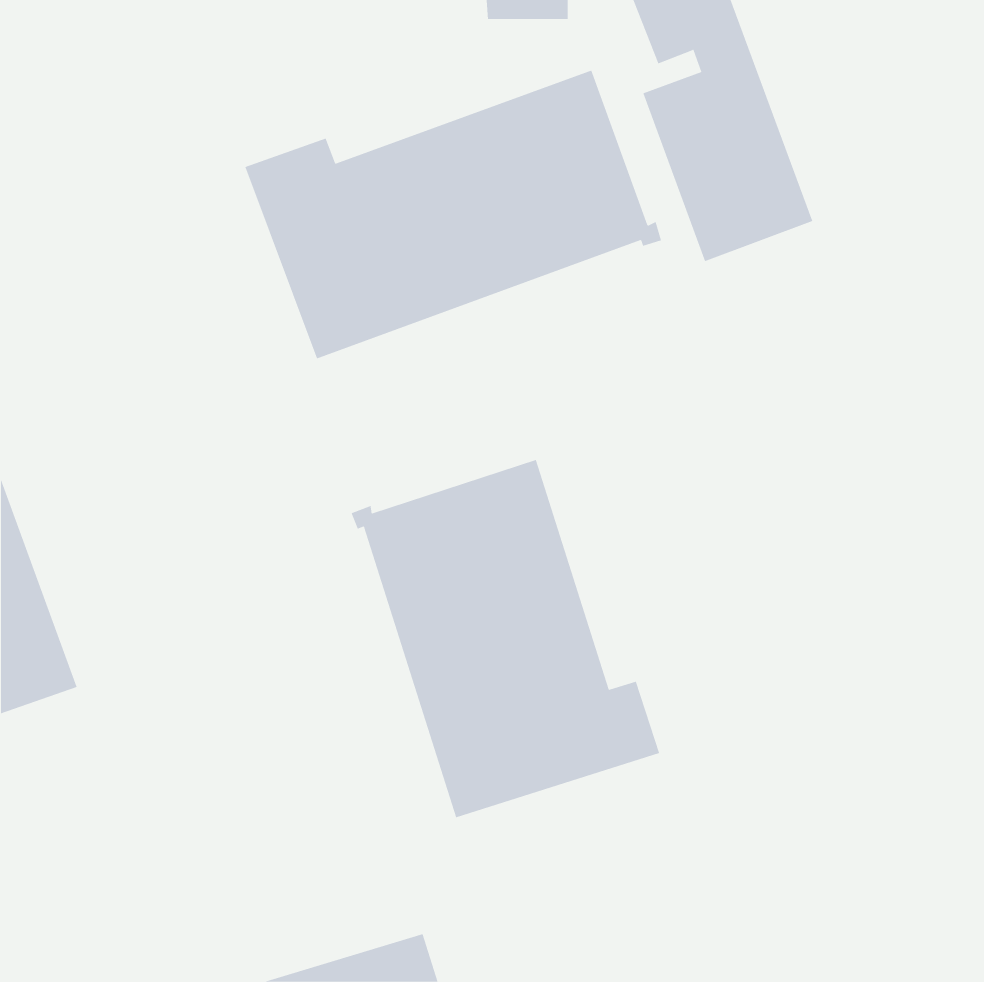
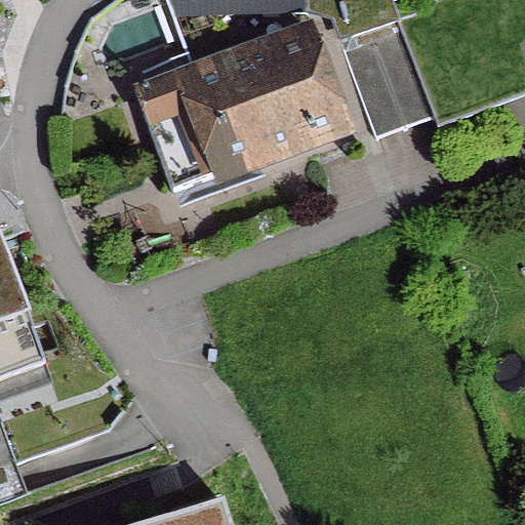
building: [351,459,660,818] -> none

